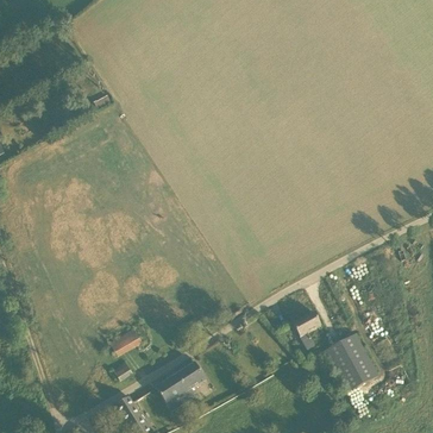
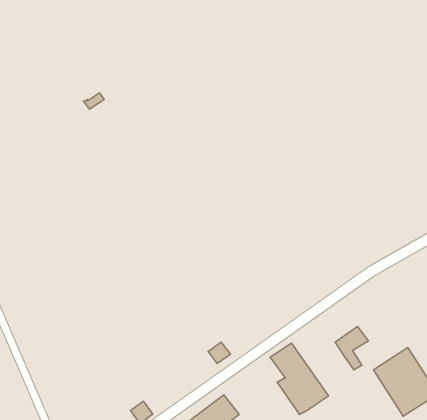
building: none -> [270,343,329,414]
building: [109,324,143,353] -> none

